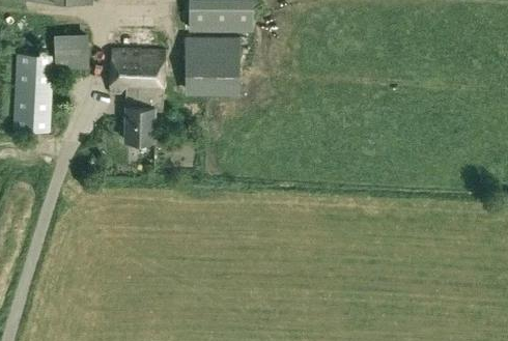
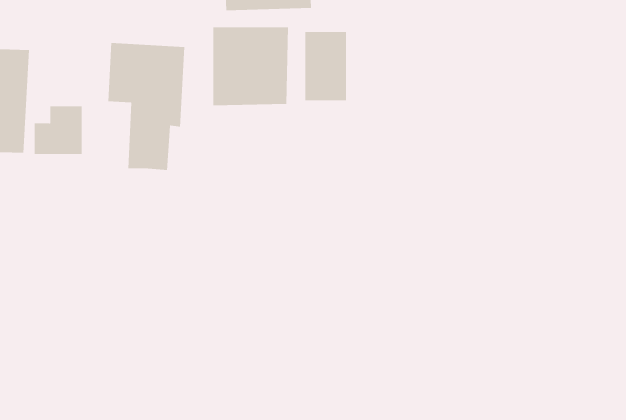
building: [55,34,90,69] -> [34,106,83,155]
building: none -> [305,31,347,101]

